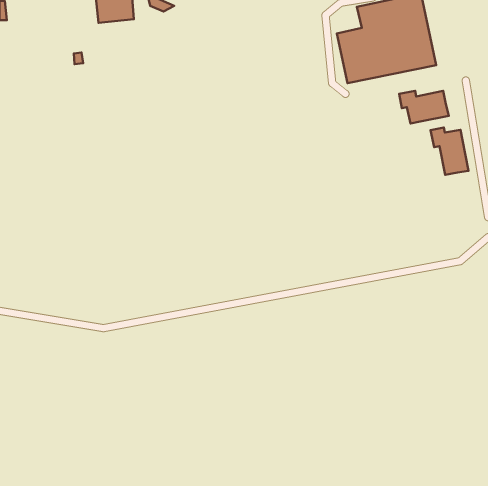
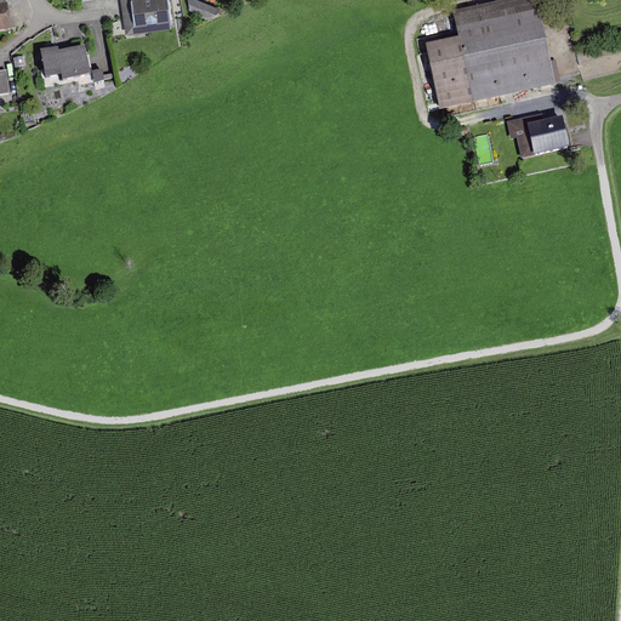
building: none -> [42,45,90,79]
building: [431,127,469,175] -> none

